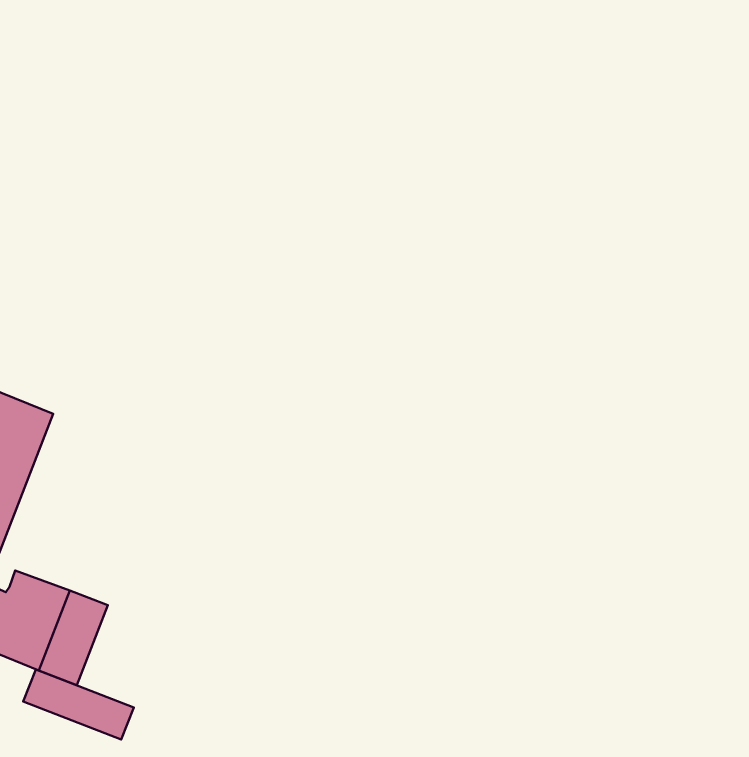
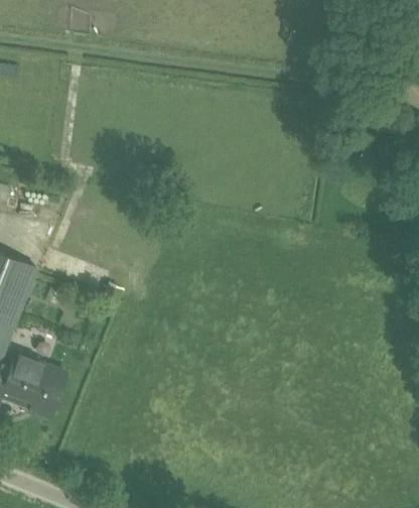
building: [23,670,134,739] -> none

